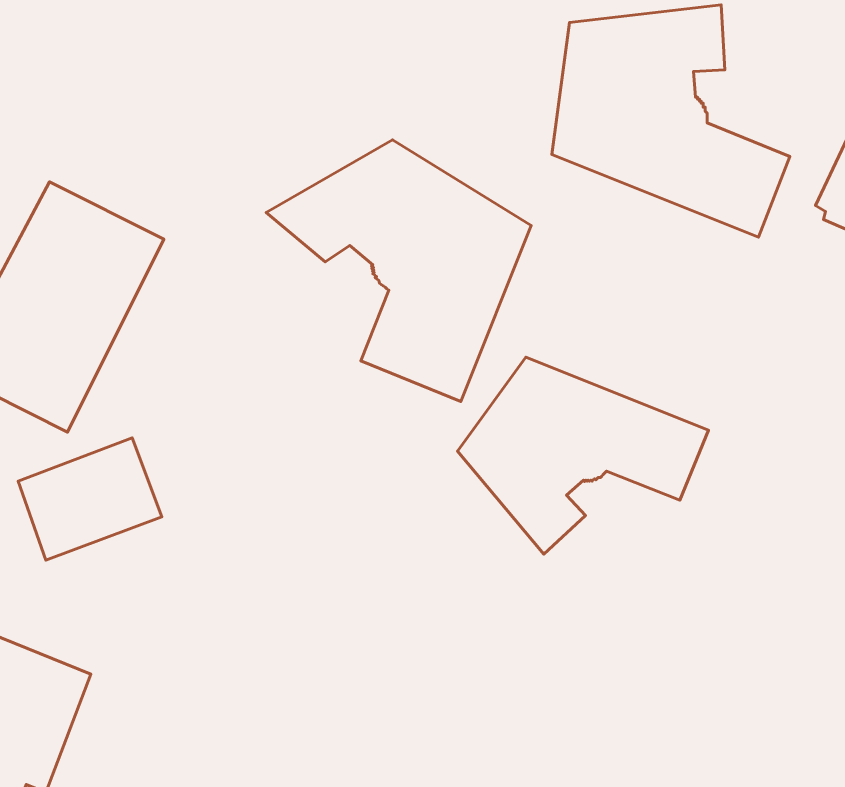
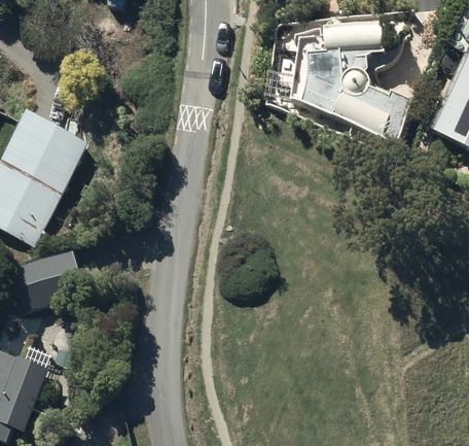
building: [266,140,531,402] -> none
building: [457,357,708,554] -> none

